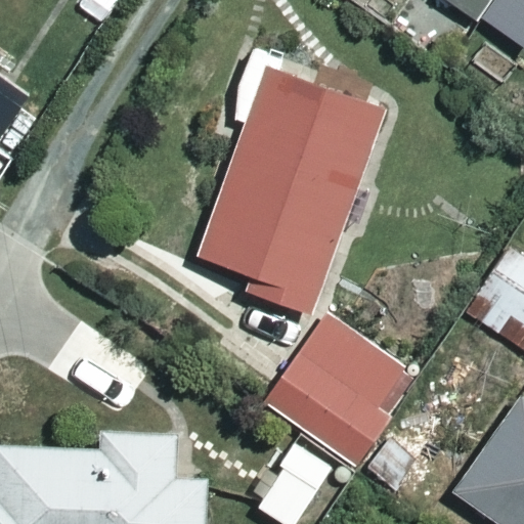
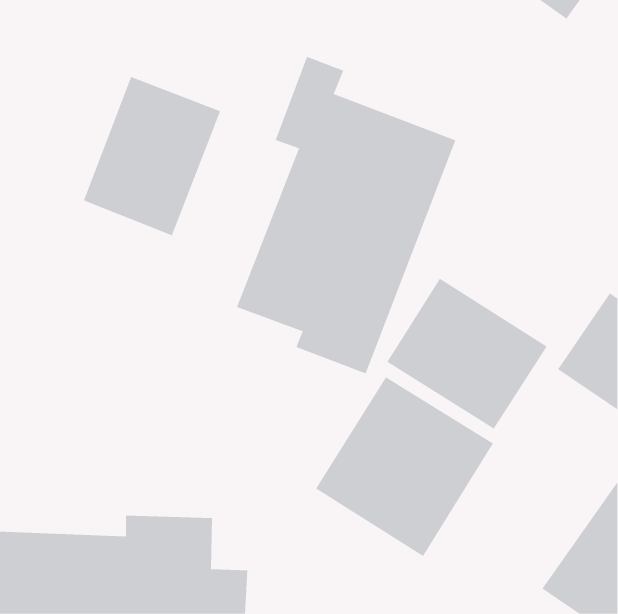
building: none -> [83,76,221,236]
building: none -> [387,278,548,430]

